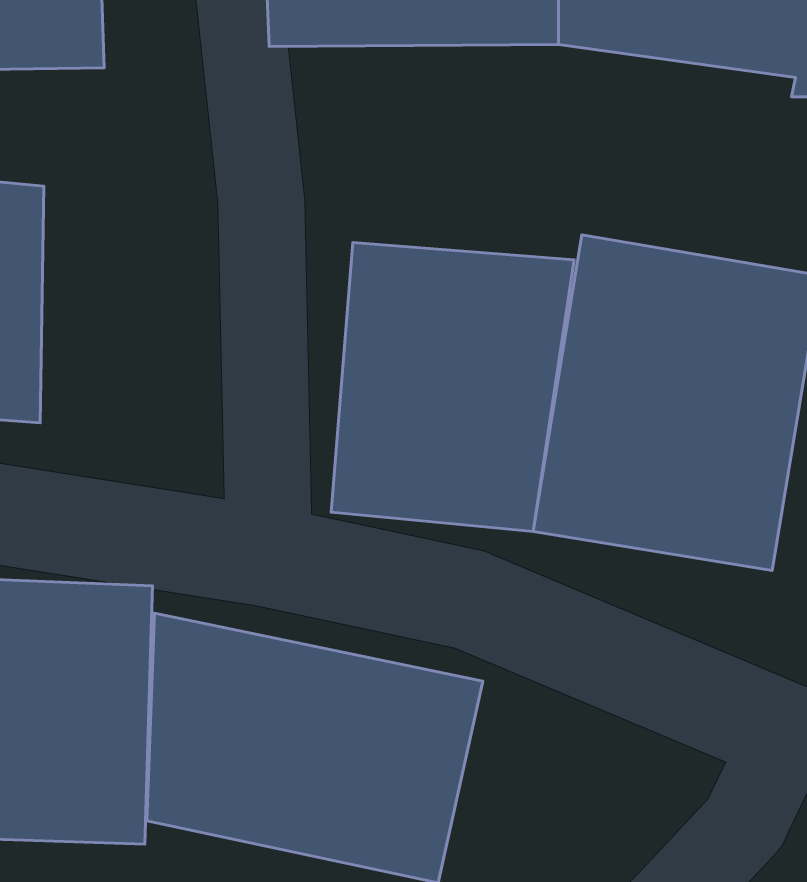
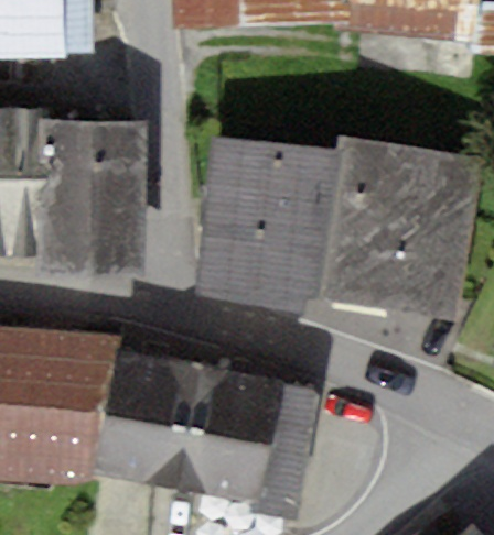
building: none -> [42,108,142,262]

